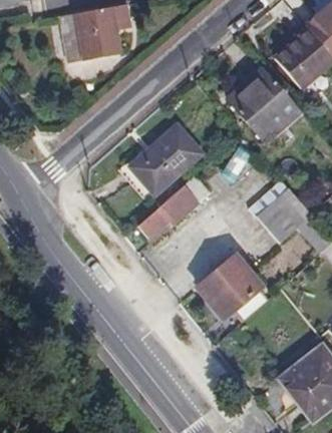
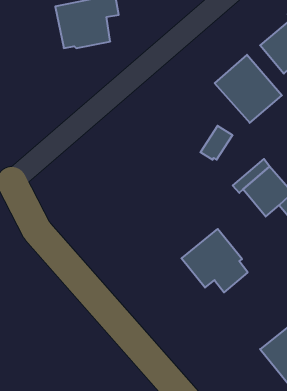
building: [130,122,200,189] -> none
building: [134,172,207,236] -> none

